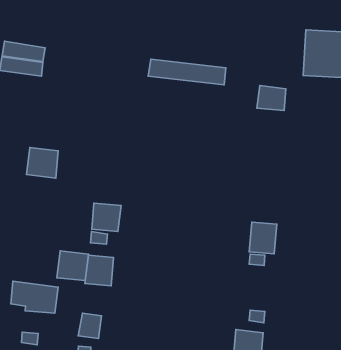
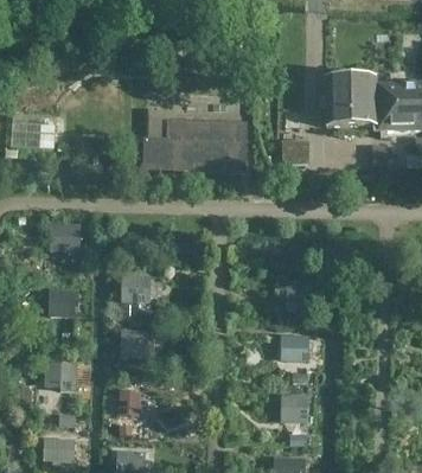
building: none -> [143,138,247,171]
building: [57,251,89,280] -> [49,288,79,317]
building: none -> [282,334,308,360]

